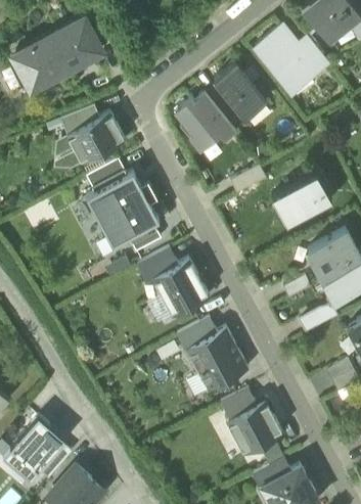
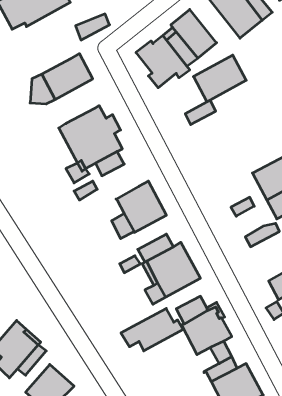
building: [60,107,99,137] -> [76,14,110,40]
building: [85,159,127,193] -> none
building: [271,173,331,226] -> [193,55,246,102]
building: [136,248,177,283] -> none
building: none -> [121,308,183,351]

